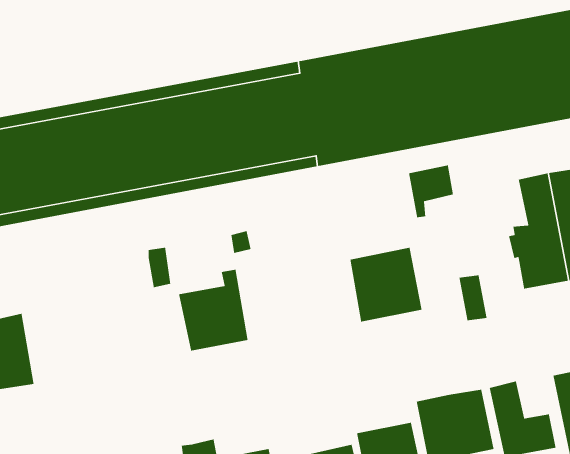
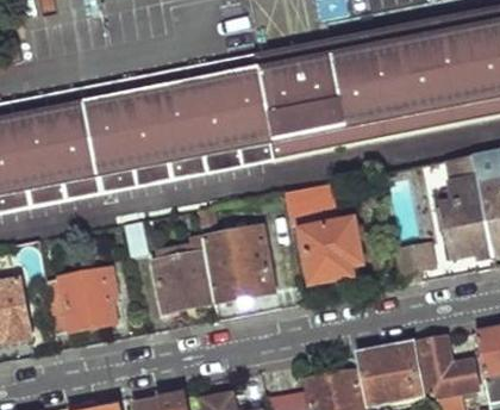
building: [408,165,454,218] -> [287,184,326,230]
building: none -> [205,226,274,299]
building: none -> [46,265,120,329]

